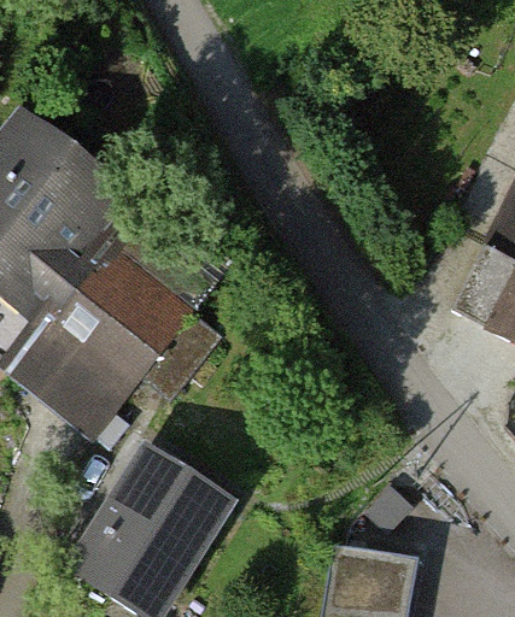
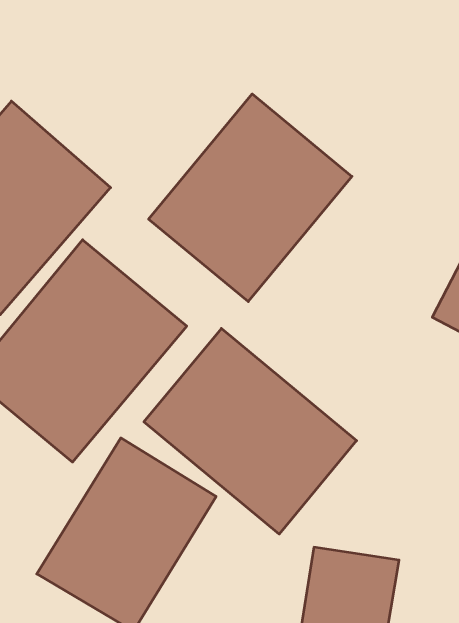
building: none -> [149,94,352,302]
building: none -> [144,328,357,534]

